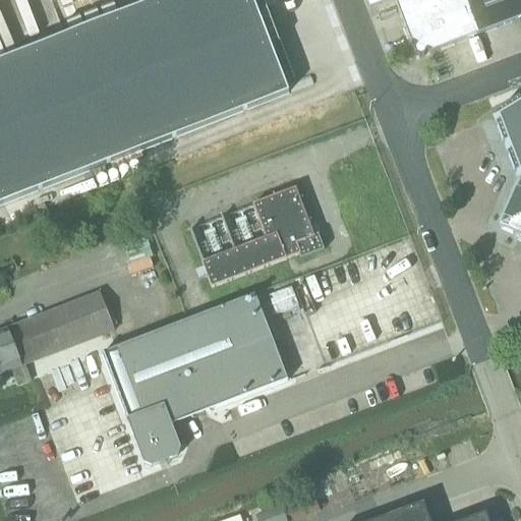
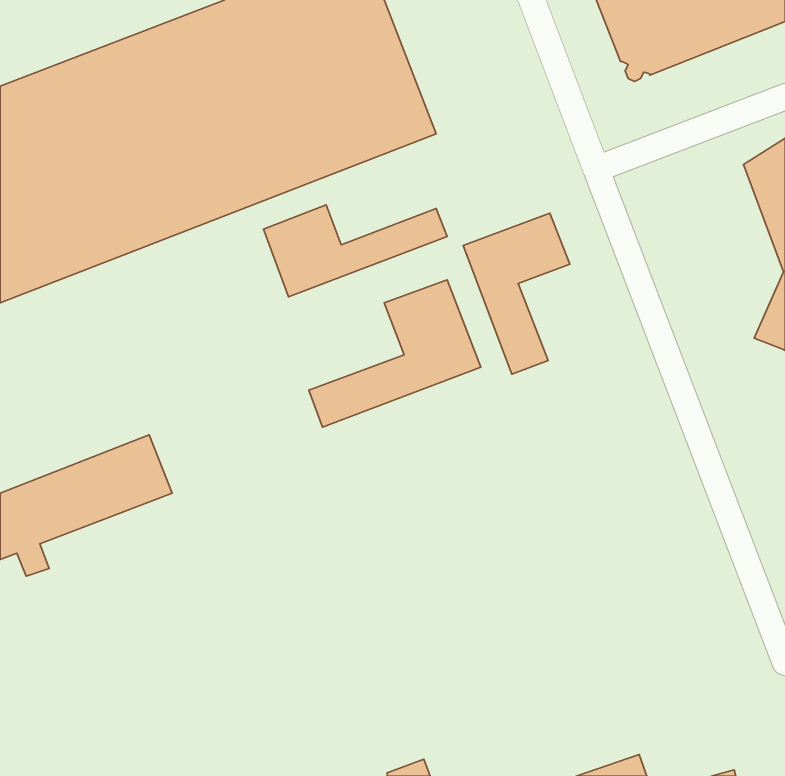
building: none -> [263,205,447,297]
building: none -> [463,213,570,374]
building: [102,291,288,462] -> none

